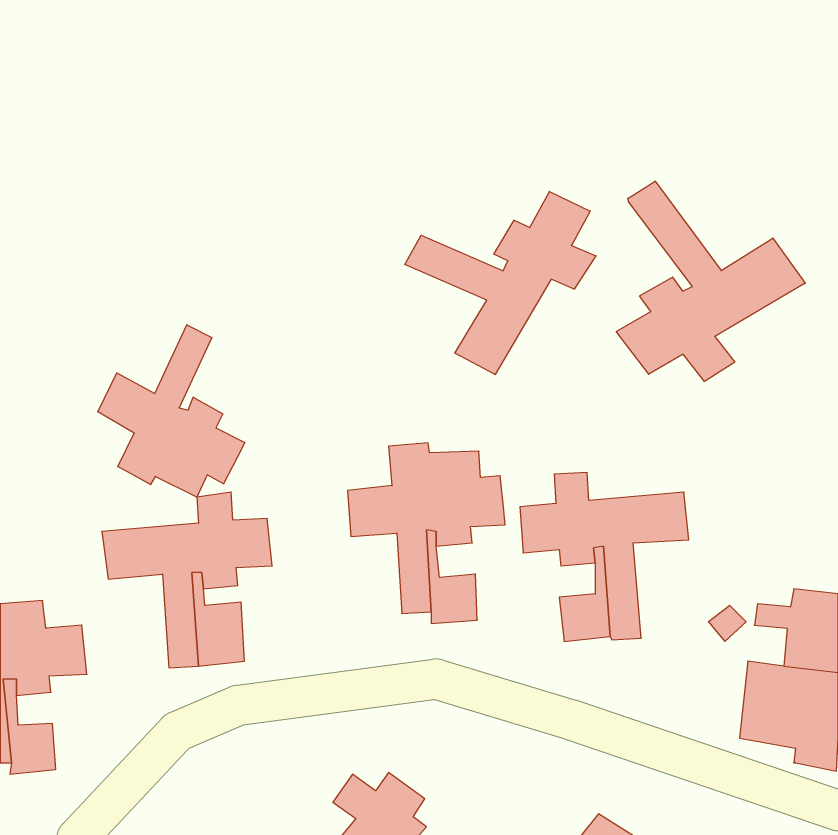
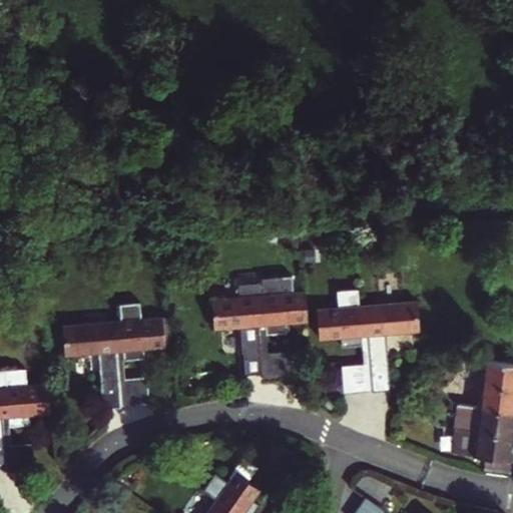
building: [616,181,805,381] -> none
building: [405,191,596,375] -> none
building: [98,325,245,497] -> none

